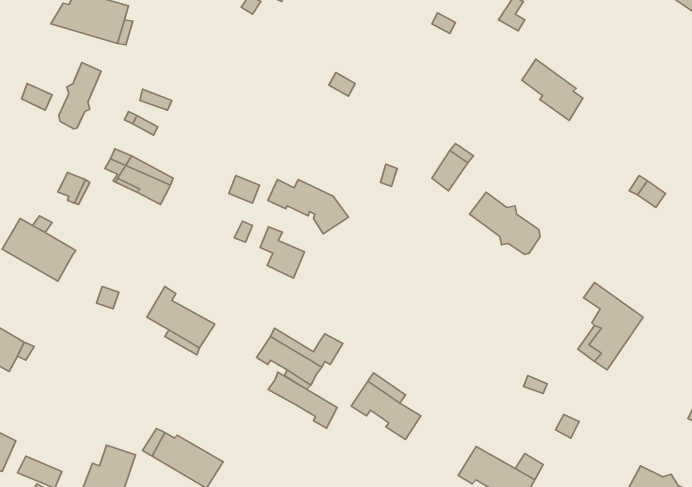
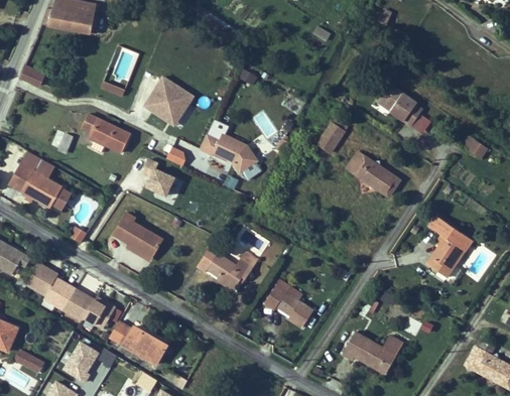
building: [522,59,583,120] -> [378,83,422,127]
building: [59,62,101,129] -> none
building: none -> [148,80,197,122]
building: [260,227,305,278] -> [137,157,169,194]
building: none -> [26,264,115,328]
building: [268,372,337,428] -> none

